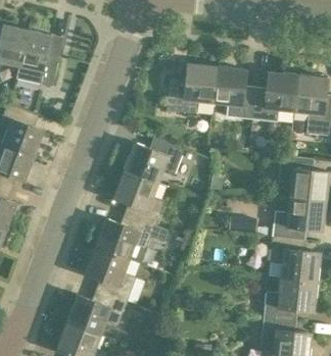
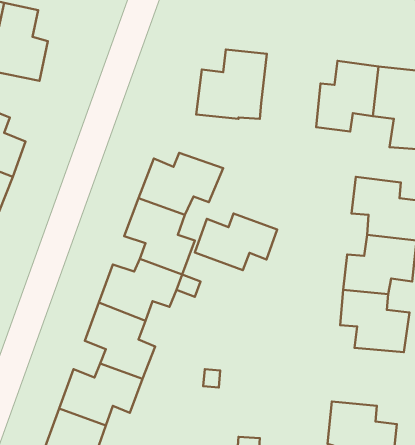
building: [212,66,255,119] -> none
building: none -> [195,213,277,270]
building: [264,278,316,320] -> none

